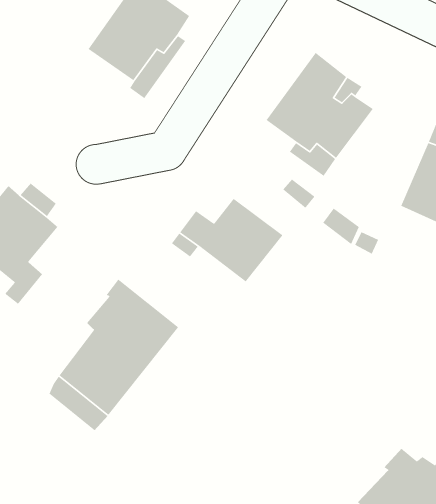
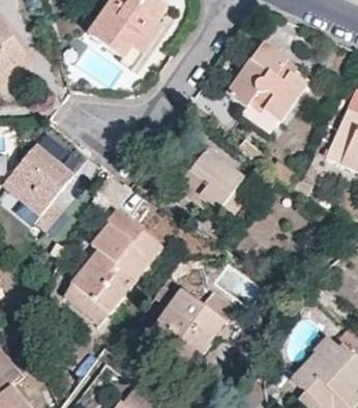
building: none -> [145,288,234,370]

